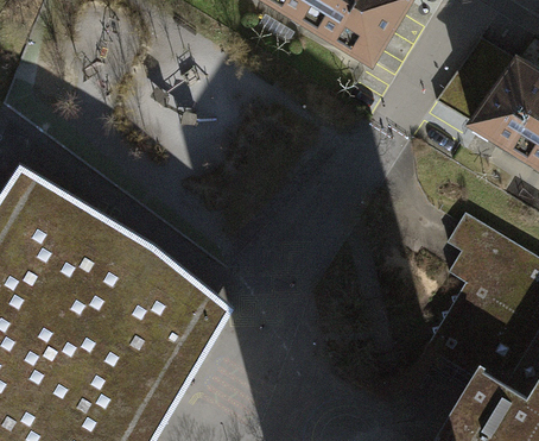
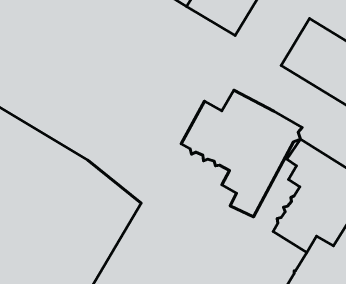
building: none -> [181,90,302,217]

